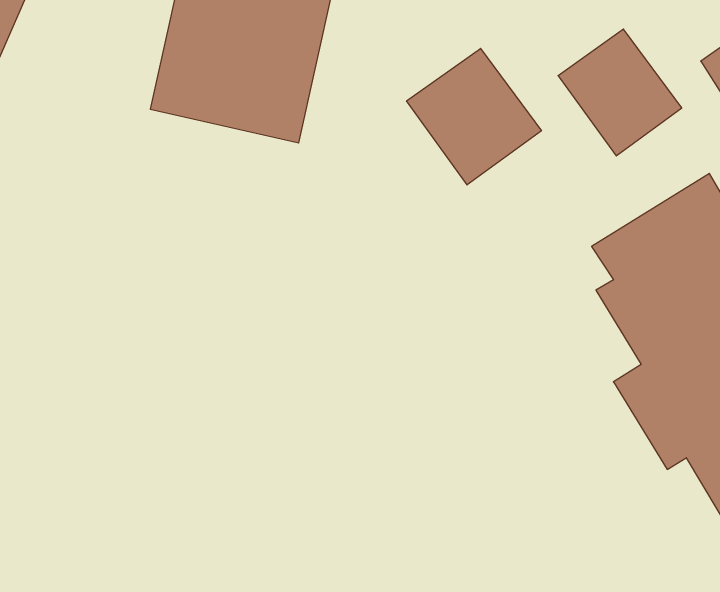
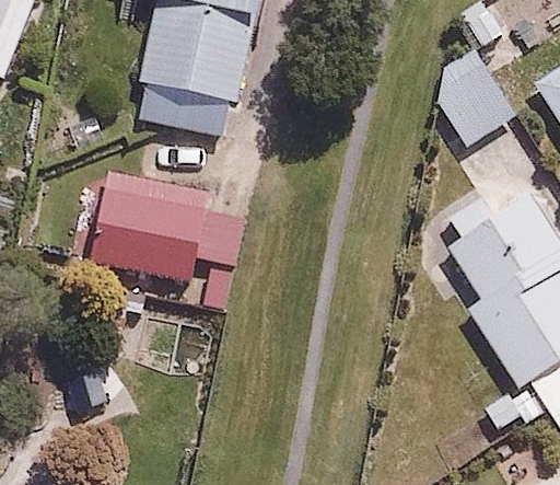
building: [407,48,541,185] -> none
building: none -> [82,168,252,285]

